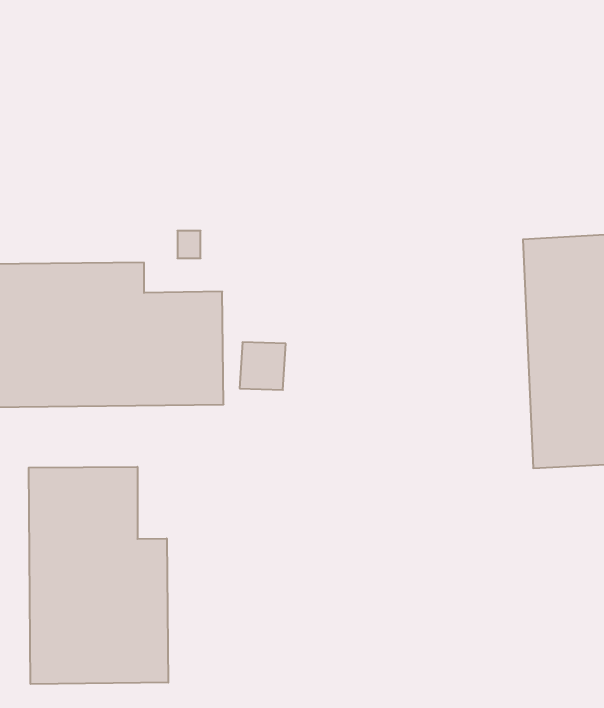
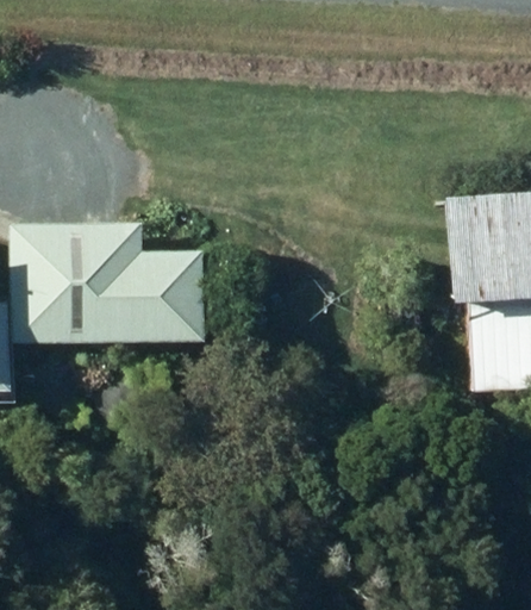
building: [29,467,168,684] -> none

